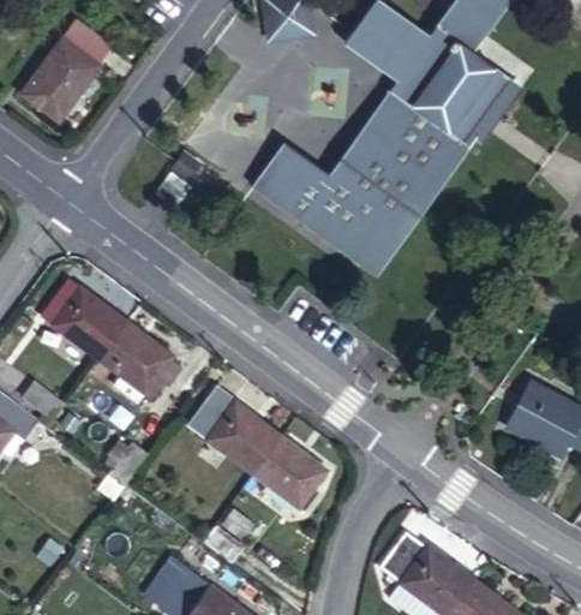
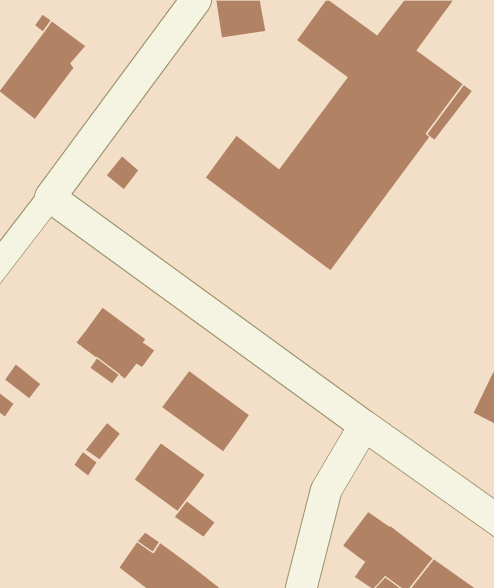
building: [43,279,130,358] -> none
building: [256,434,330,506] -> [134,443,205,512]

